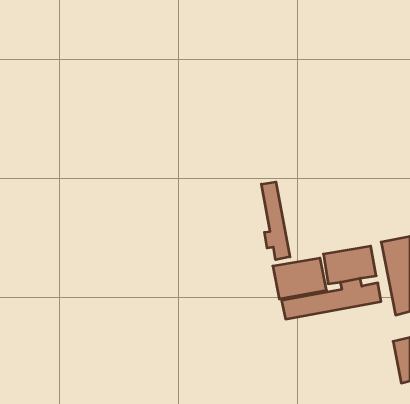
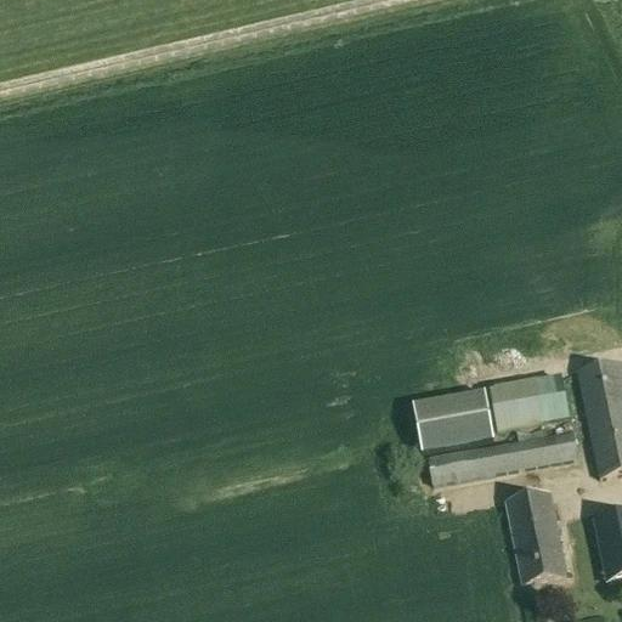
building: [261,182,290,260] -> none
building: none -> [507,490,566,582]

